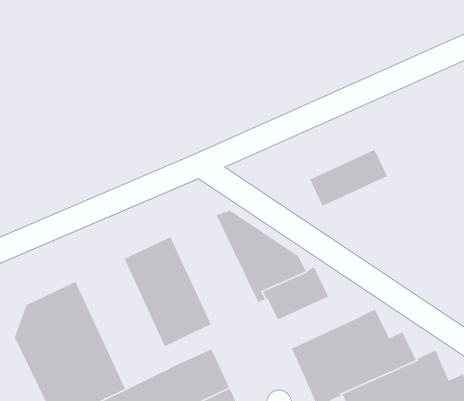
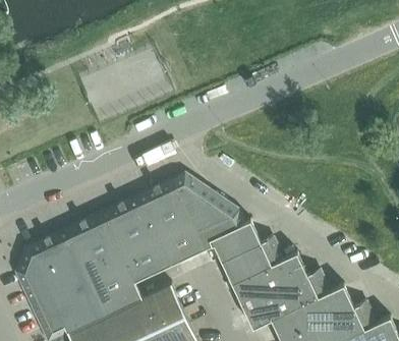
building: [309,149,388,207] -> [221,240,282,285]
building: none -> [138,182,206,267]
building: none -> [65,216,141,317]

